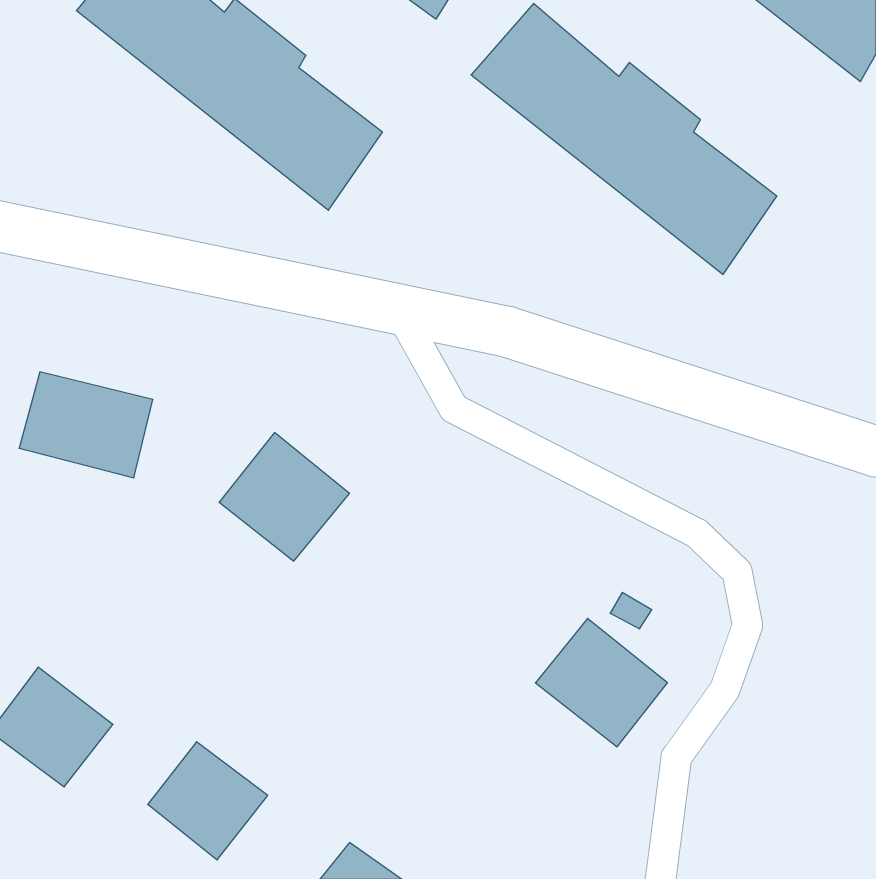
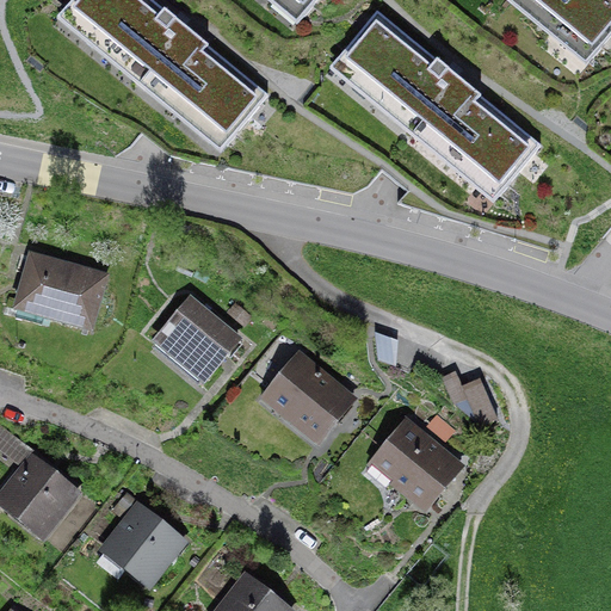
building: none -> [260,353,352,444]

